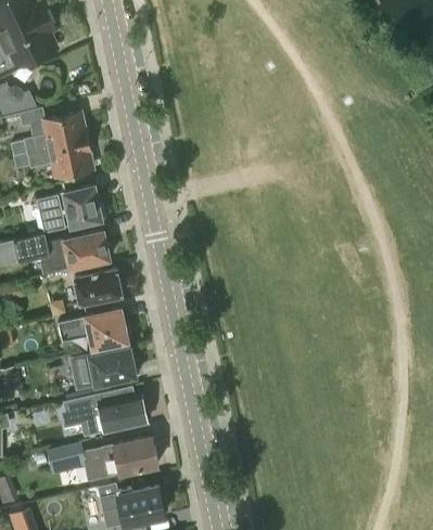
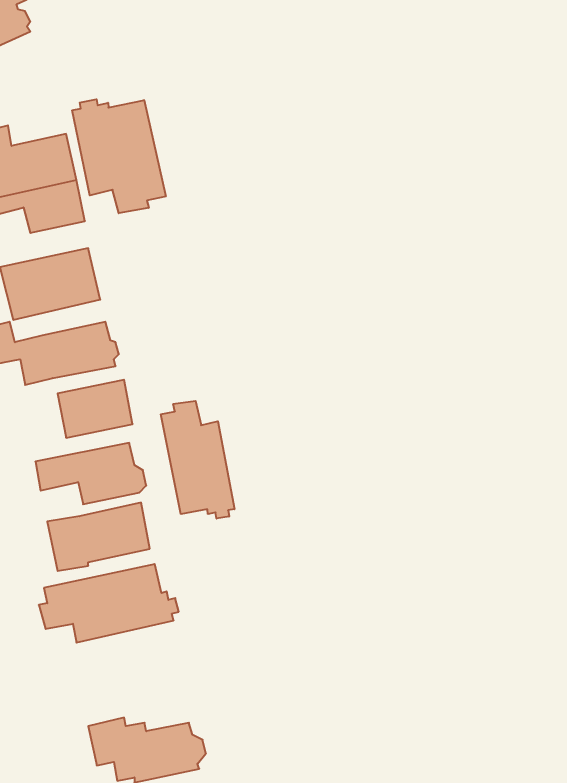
building: none -> [72,99,166,213]
building: none -> [161,401,234,519]
building: [99,437,157,475] -> none
building: [46,443,87,476] -> none

